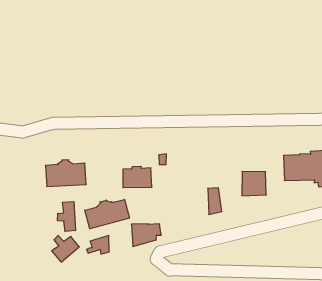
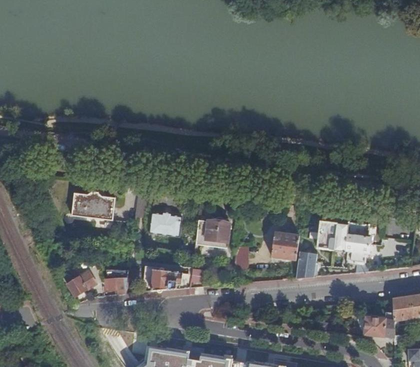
building: none -> [195,221,228,243]
building: none -> [295,250,316,278]
building: [85,199,129,229] -> none
building: [58,202,75,232] -> none

